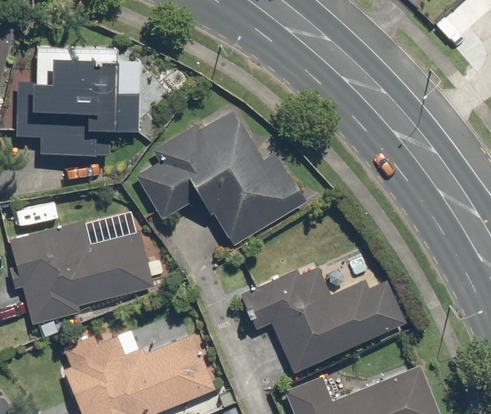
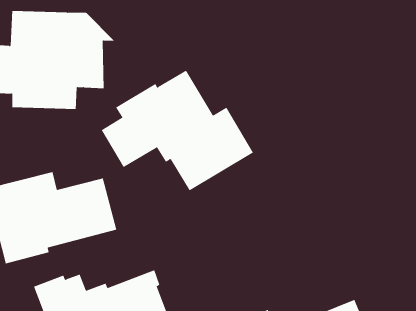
building: [238,262,405,375] -> none

